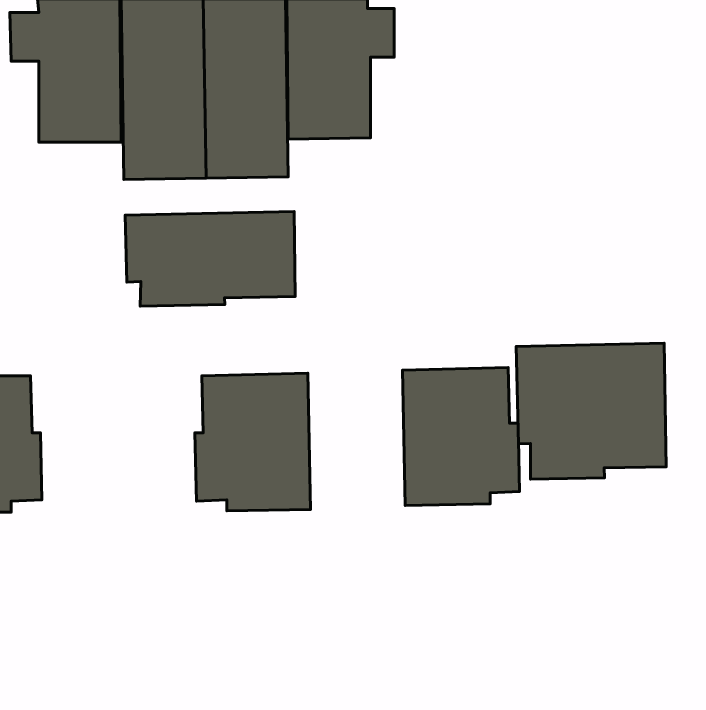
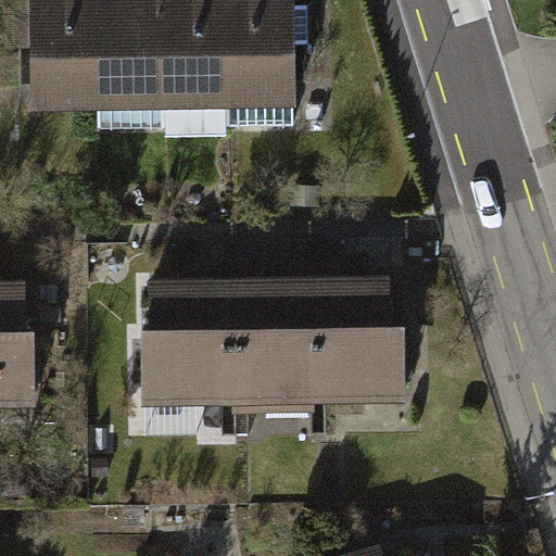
building: [125,212,295,306] -> none
building: [516,343,666,479] -> none
building: none -> [240,289,316,397]

